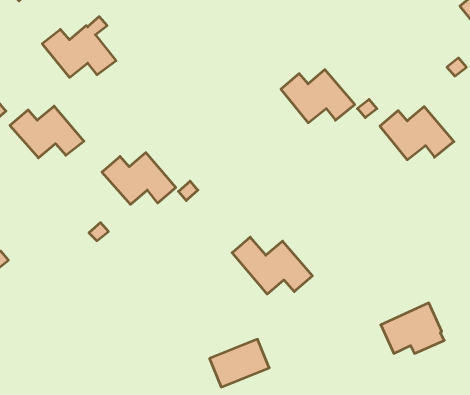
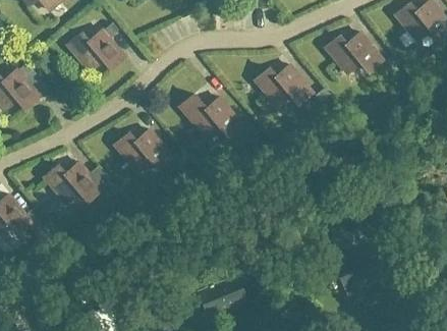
building: [10,106,84,158] -> [44,162,102,203]
building: [380,107,454,160] -> [325,32,383,73]
building: [232,237,312,294] -> [179,94,242,139]

